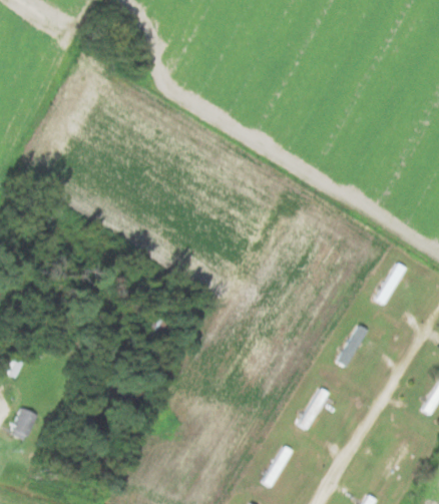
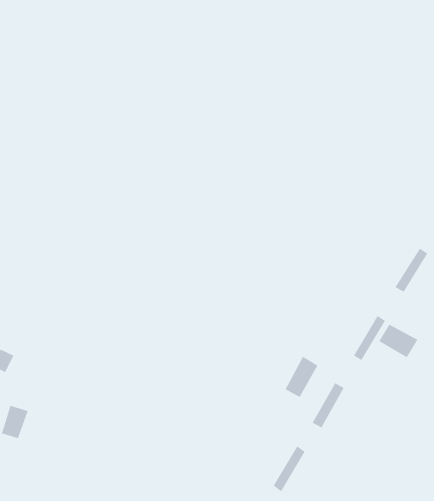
building: none -> [379,324,418,358]
building: none -> [285,356,318,398]

